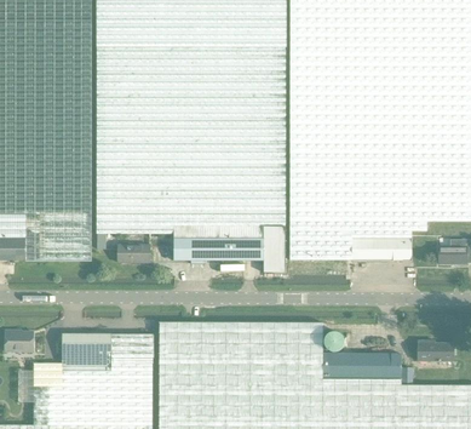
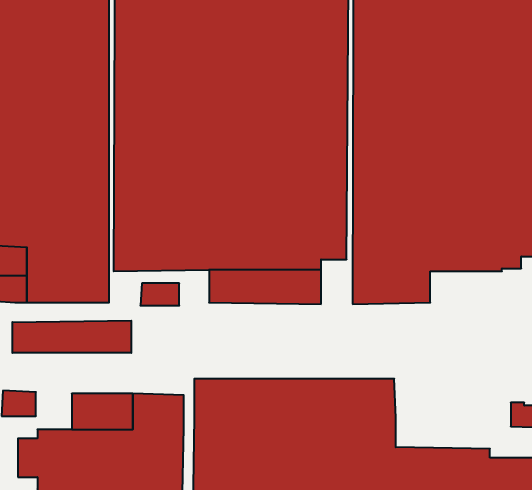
building: [264,225,285,273] -> none
building: [352,235,410,262] -> none
building: none -> [12,321,131,353]
building: [324,354,413,387] -> none

